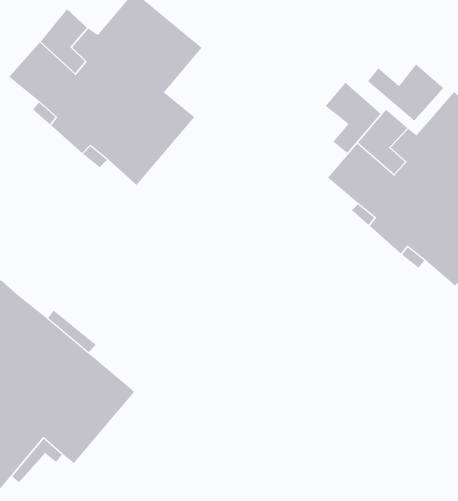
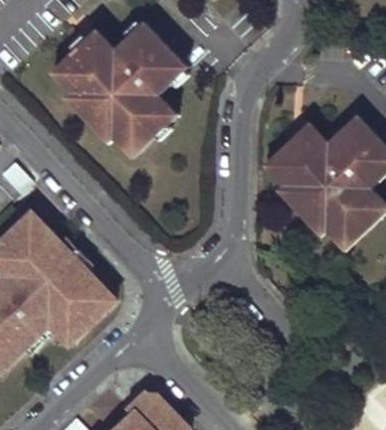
building: [367,64,444,122] -> none
building: [325,82,382,154] -> none

